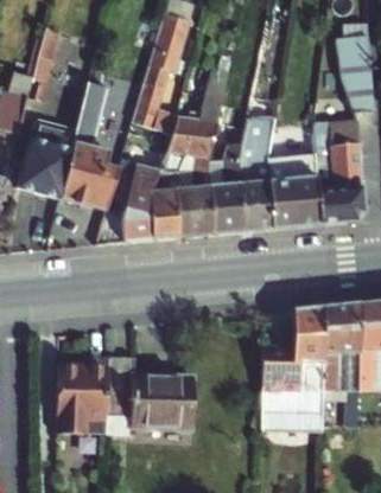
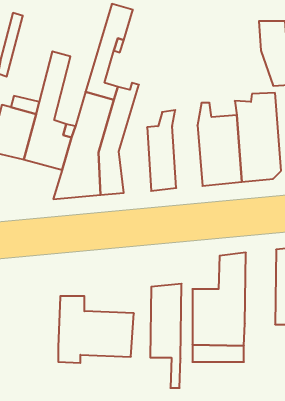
building: [174,58,231,236] -> none
building: [237,113,274,230] -> none
building: [323,302,360,424] -> [150,284,182,388]
building: [52,357,106,434] -> none

